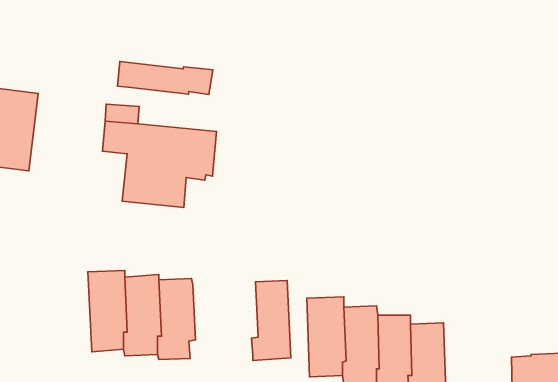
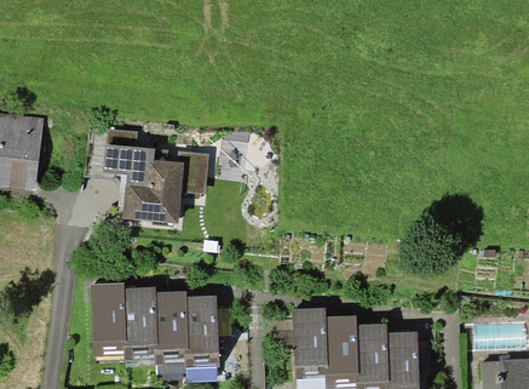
building: [117,61,213,94] -> none
building: [252,281,291,361] -> [184,294,220,368]

